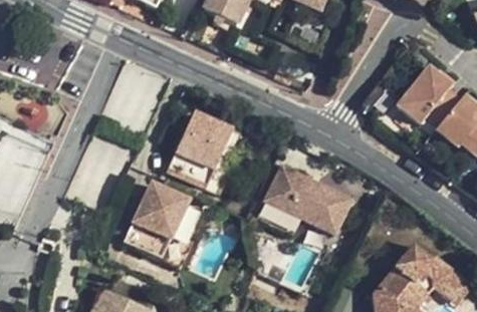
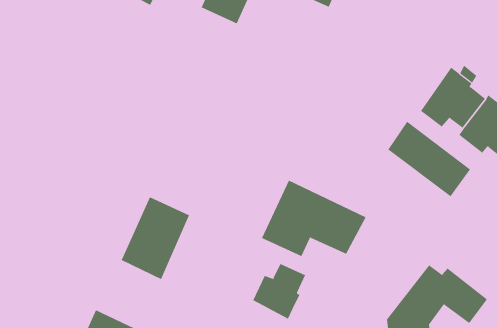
building: [169,111,248,193] -> none
building: none -> [388,121,471,197]
building: none -> [253,263,306,320]

